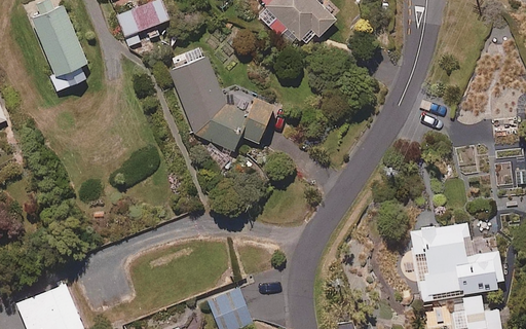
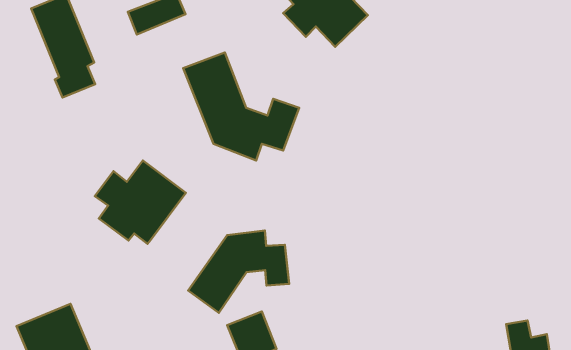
building: none -> [95,160,186,244]
building: none -> [188,231,289,313]
building: [409,222,506,303] -> none

